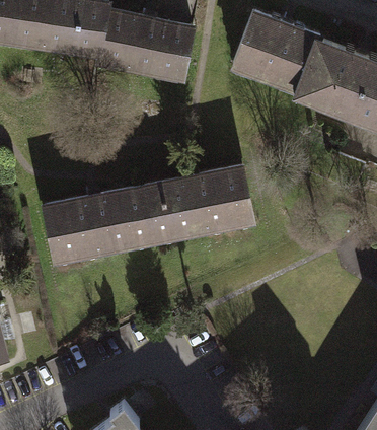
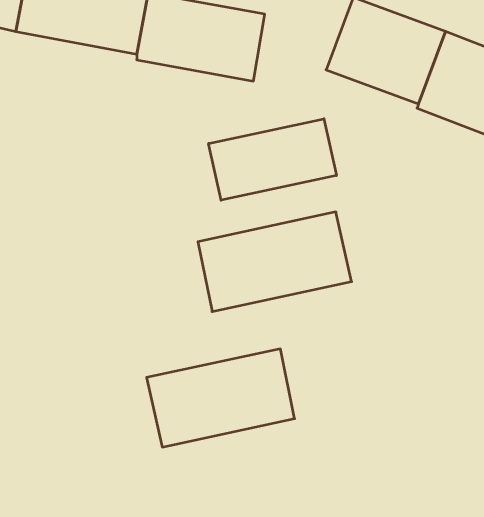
building: none -> [209,119,336,200]
building: [48,190,153,260] -> [147,349,295,447]

